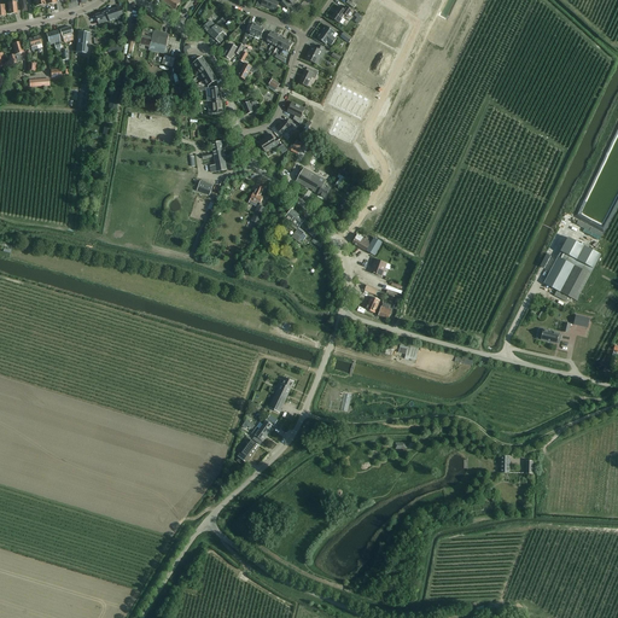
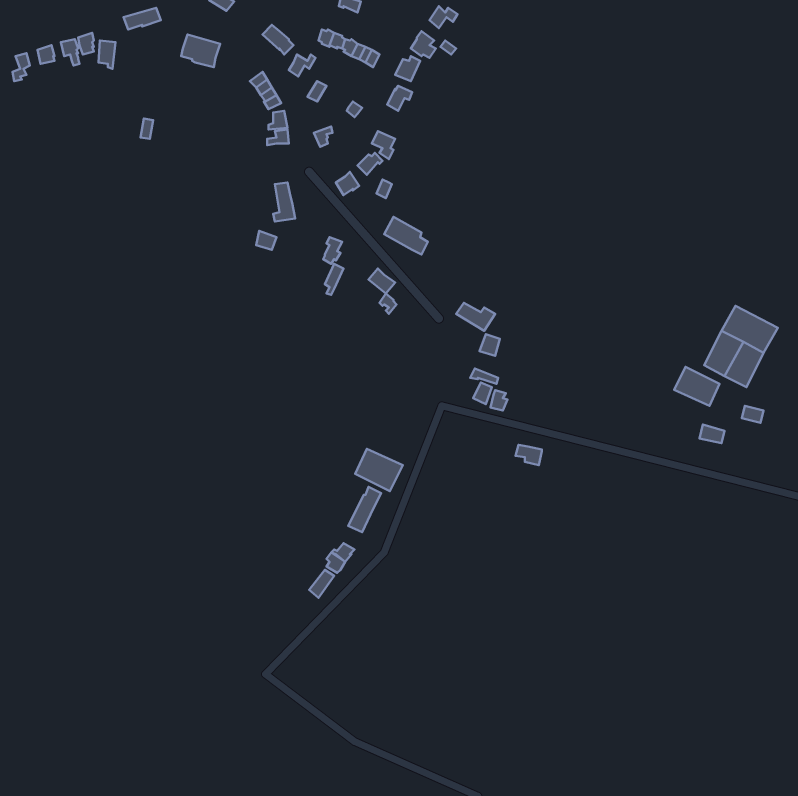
building: none -> [674,367,720,406]
building: none -> [355,449,403,491]

